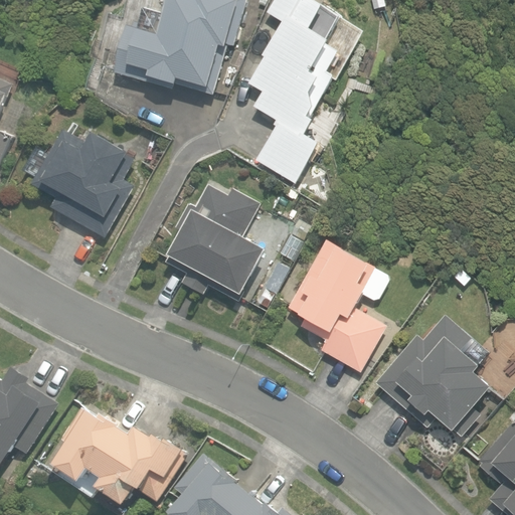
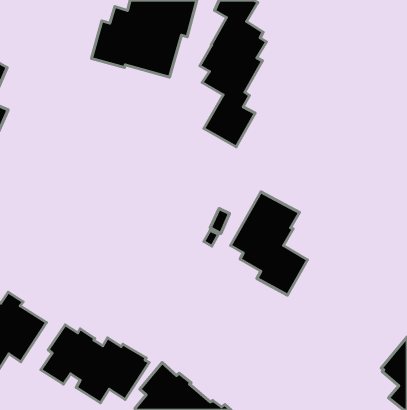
building: [32,129,135,237] -> none
building: [164,184,266,301] -> none
building: [374,314,492,437] -> none

